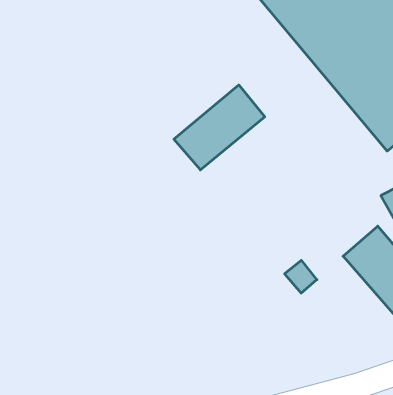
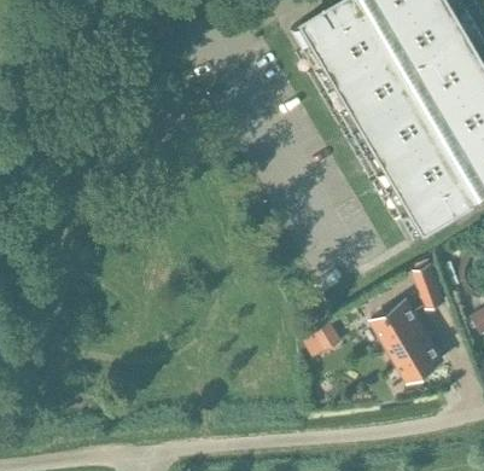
building: [174,85,265,170] -> none

